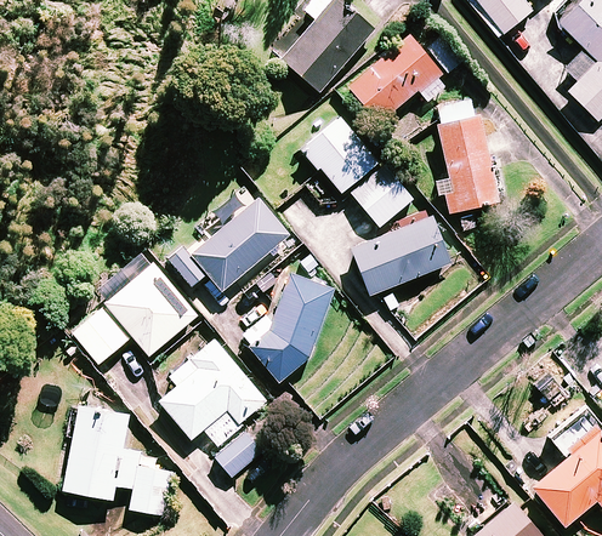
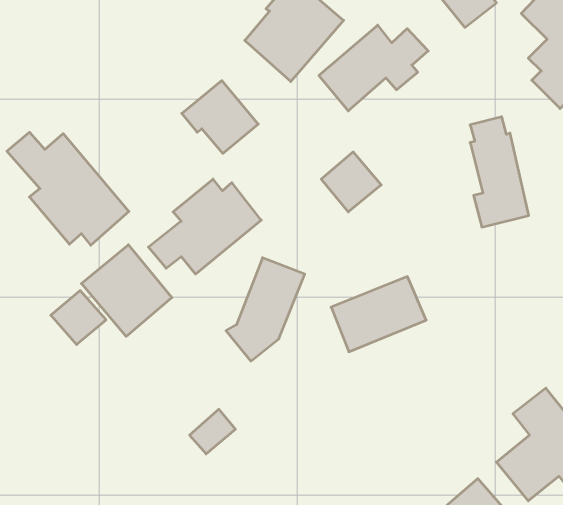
building: [437,98,498,212] -> [470,117,529,227]
building: [299,118,377,193] -> [182,81,258,153]
building: none -> [7,132,129,245]
building: [352,217,450,295] -> [331,277,426,352]
building: [159,338,266,446] -> none
building: [63,404,172,515] -> none

